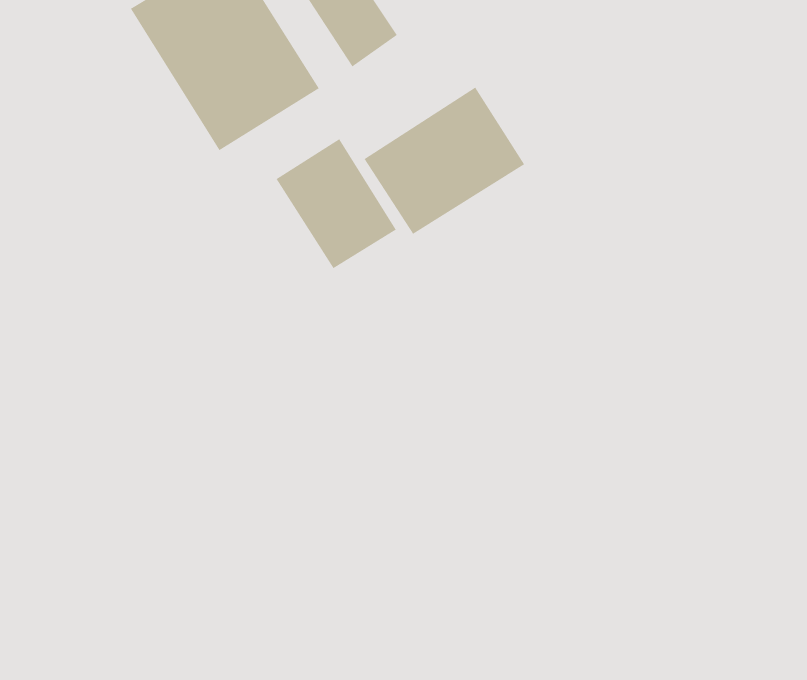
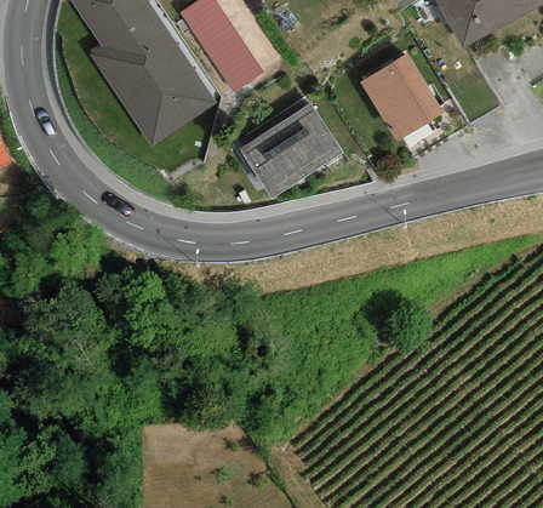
building: none -> [360,52,442,139]
building: [275,138,397,269] -> none

